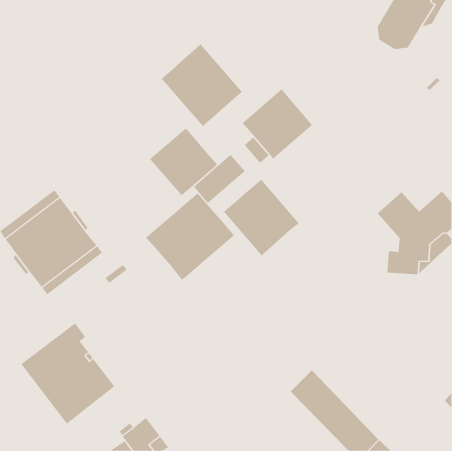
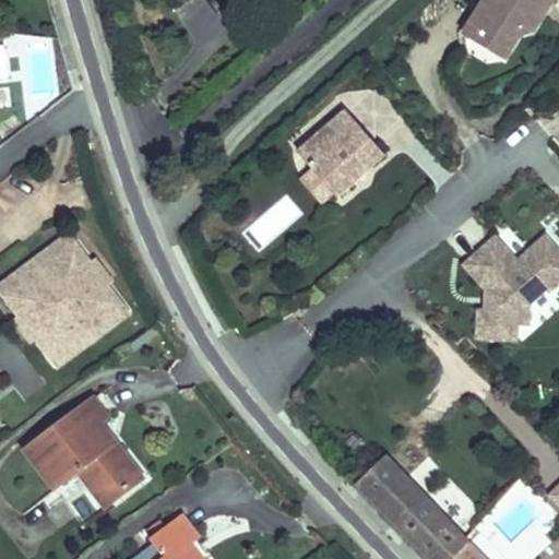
building: [161,44,242,127] -> none
building: [149,127,218,196] -> none
building: [223,179,299,256] -> none
building: [145,192,235,281] -> none

